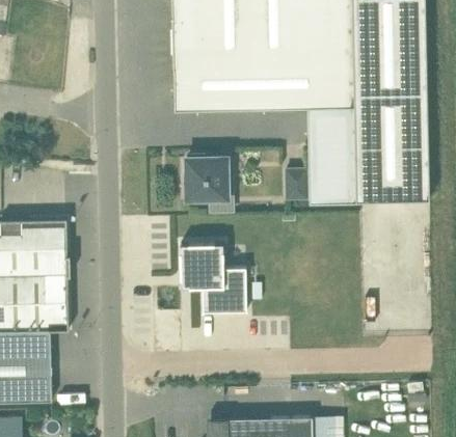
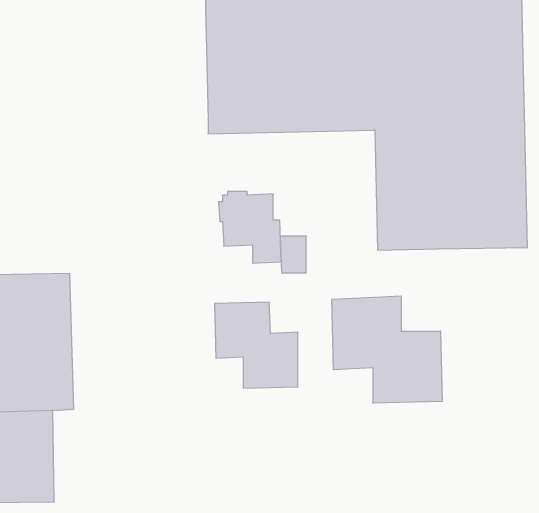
building: [286,170,306,199] -> [280,236,306,273]
building: none -> [332,296,442,403]

